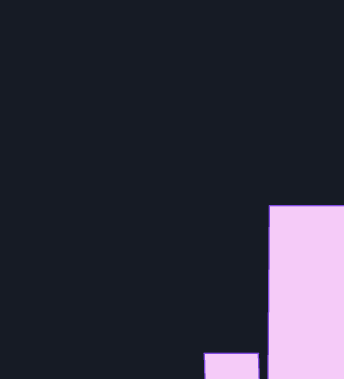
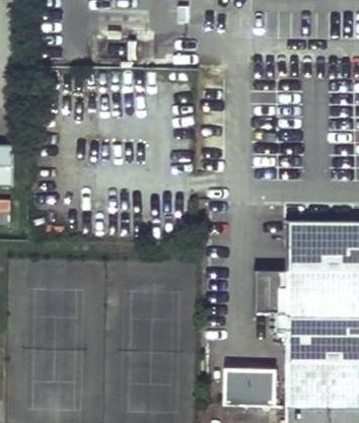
building: none -> [253,272,281,313]

